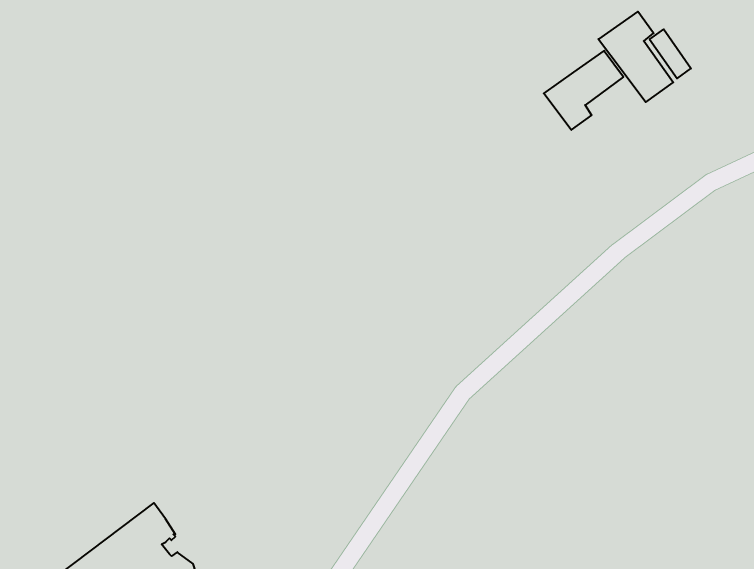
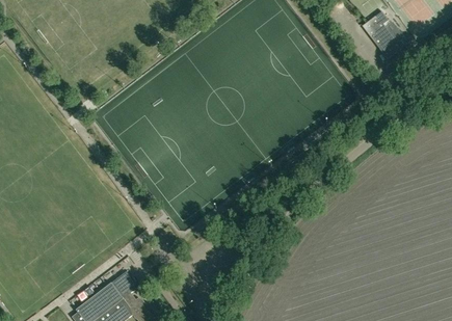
building: [544,51,623,130] -> none

